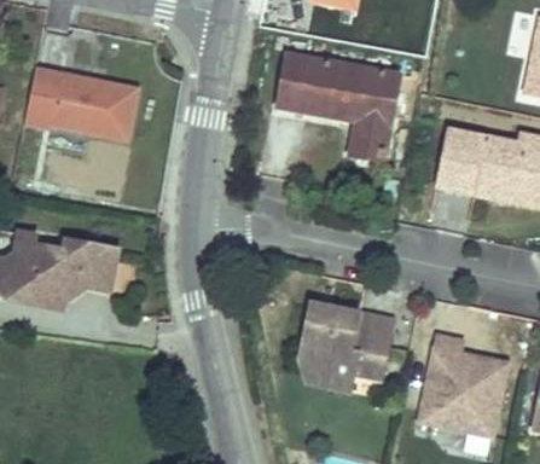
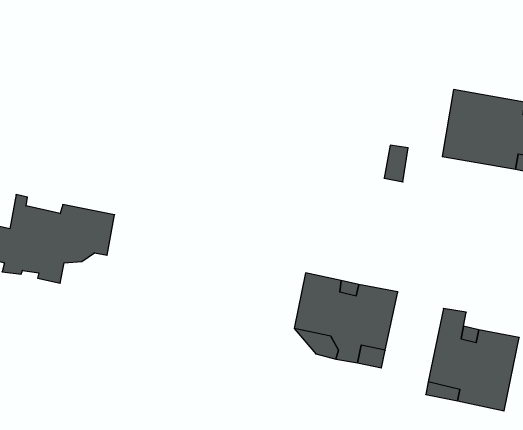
building: [277,52,405,163] -> none
building: [29,71,140,140] -> none

